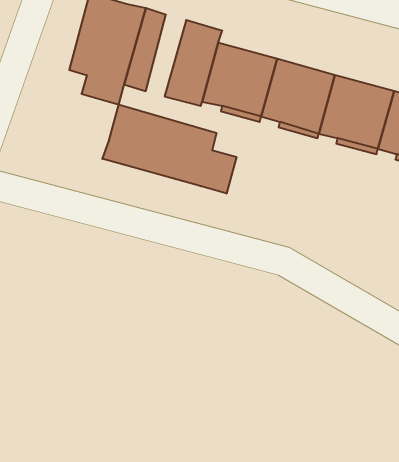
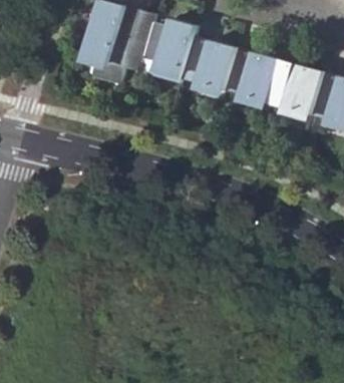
building: [102,105,236,194] -> none

